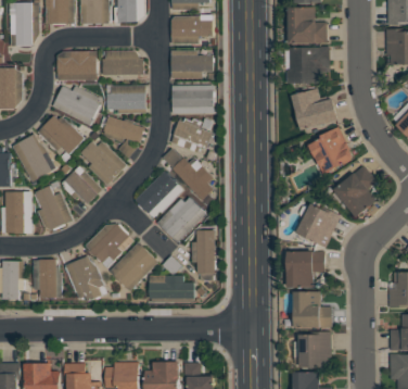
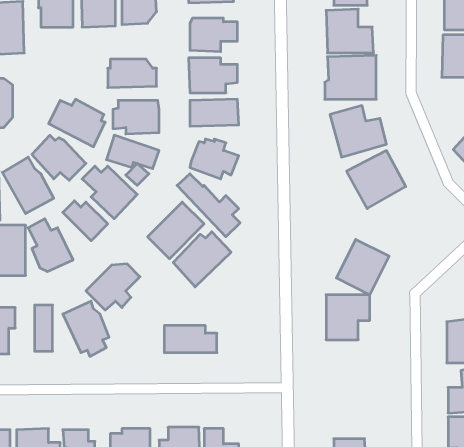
building: [56,51,97,81] -> none
building: [332,166,377,219] -> none
building: [191,230,214,274] -> none
building: [109,241,157,292] -> none
building: [294,290,332,327] -> none
building: [298,331,331,367] -> none

